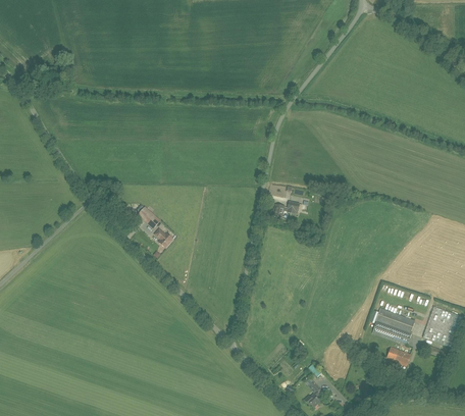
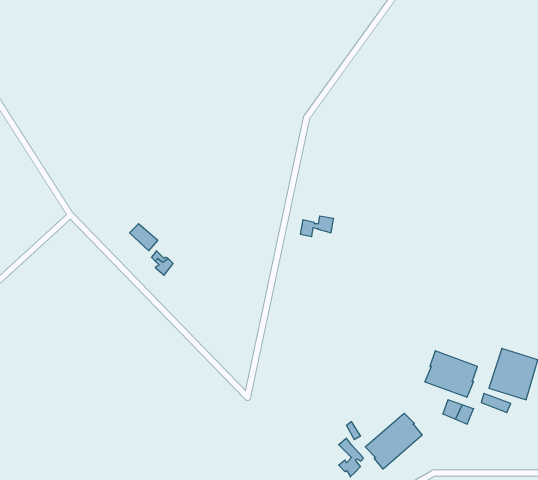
building: none -> [365,413,422,469]

